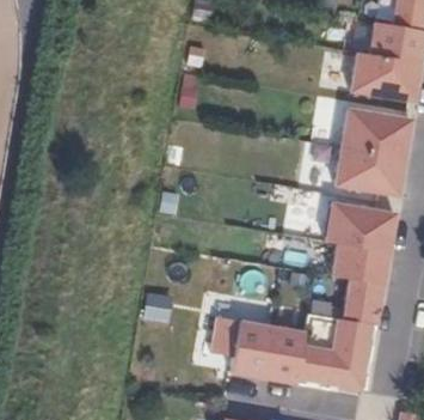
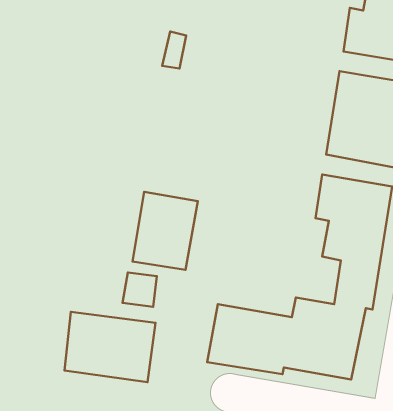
building: none -> [132,192,198,270]
building: none -> [64,312,156,382]

